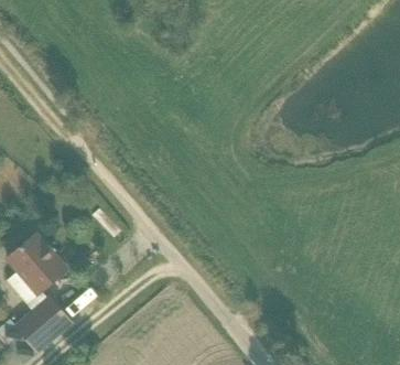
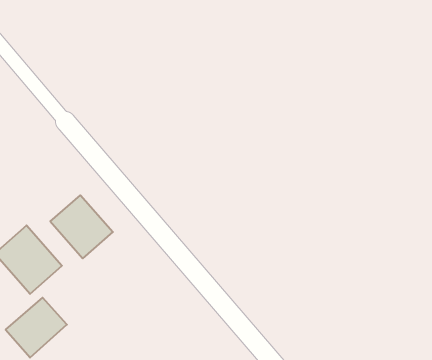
building: none -> [50,195,113,258]

